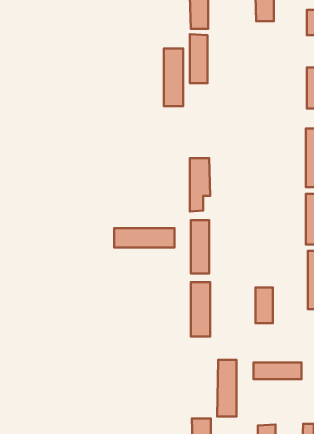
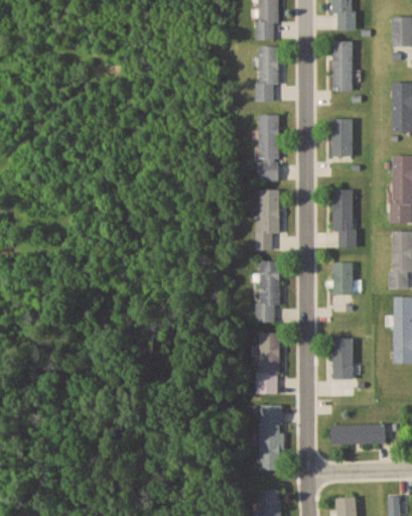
building: none -> [332,41,352,90]
building: [164,49,183,106] -> [258,114,280,180]
building: none -> [331,118,353,154]
building: none -> [332,188,353,246]
building: none -> [331,257,351,311]
building: [114,228,175,248] -> none
building: [217,360,236,417] -> [259,404,281,470]

